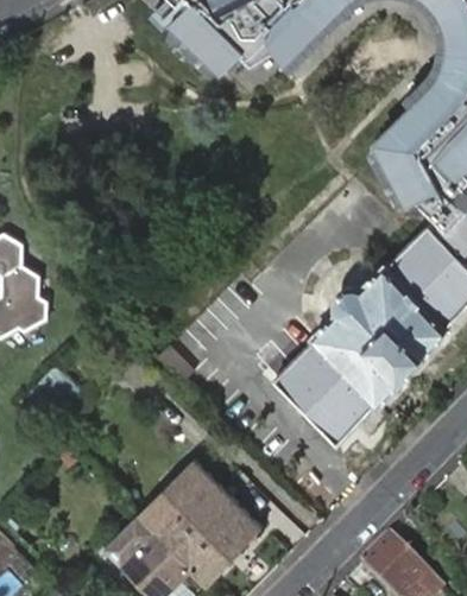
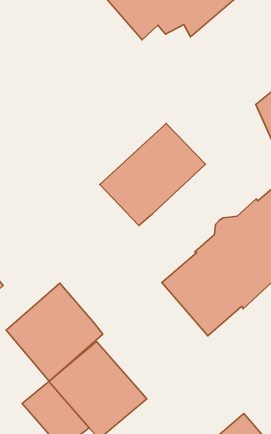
building: none -> [100,123,205,225]
building: none -> [6,283,103,381]

